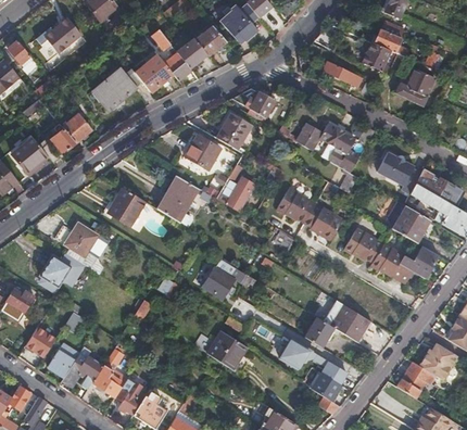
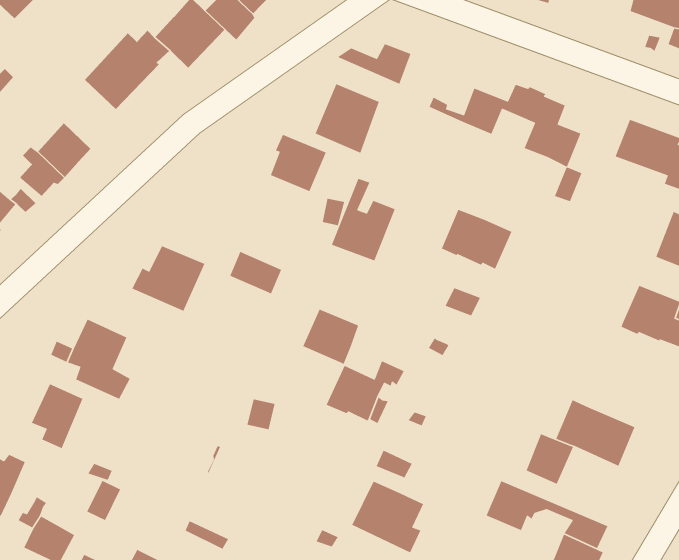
building: [165,176,198,208] -> [302,308,359,365]
building: [303,204,342,241] -> none
building: [340,227,380,262] -> none

